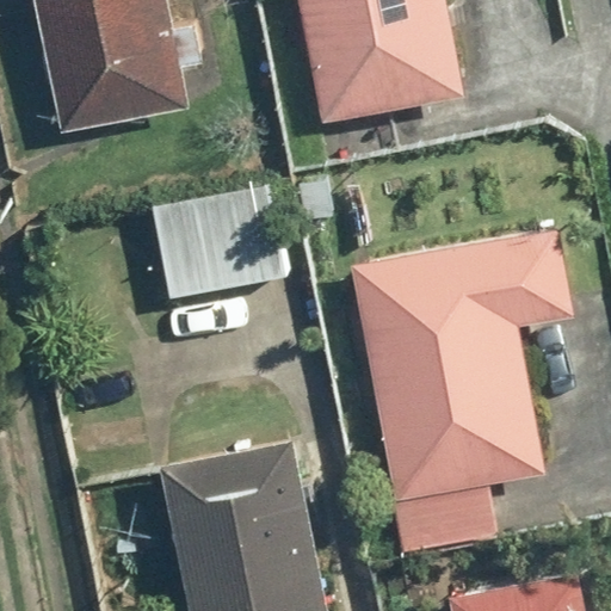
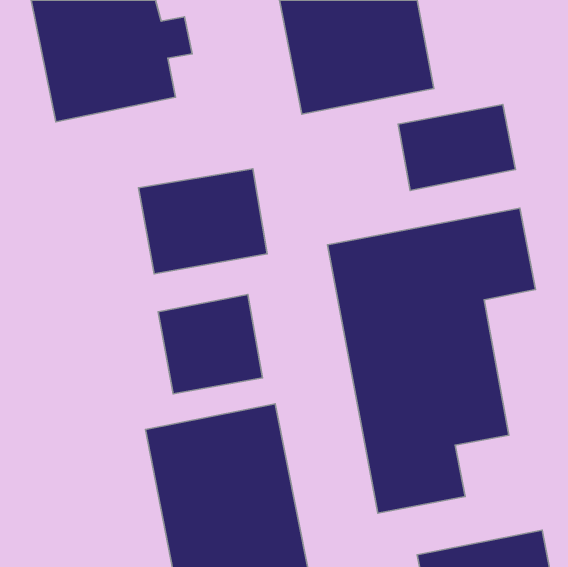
building: none -> [398,105,516,190]
building: none -> [158,295,262,394]

